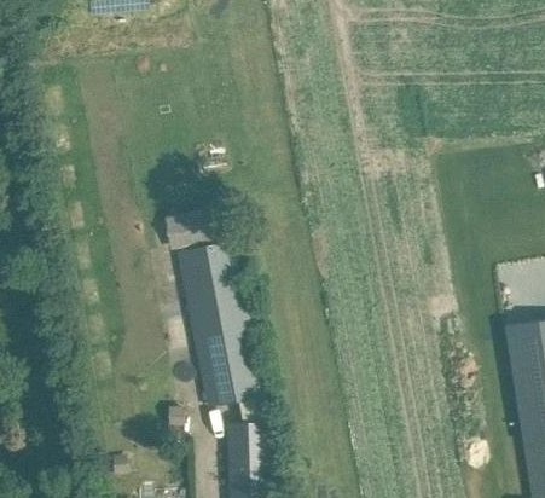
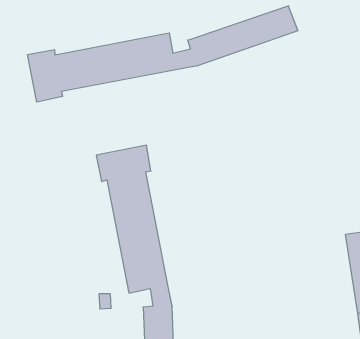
building: none -> [28,6,298,102]

